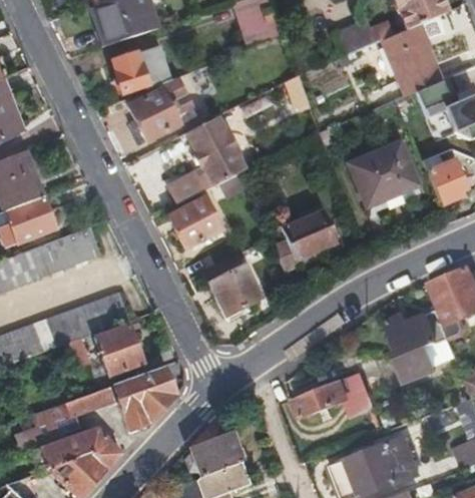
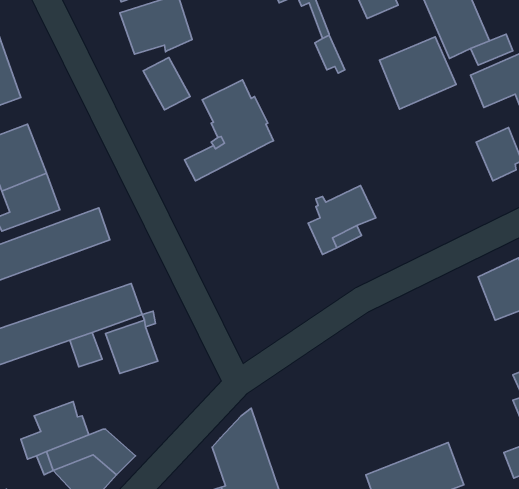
building: [150,75,197,128] -> none
building: [351,137,420,202] -> [379,37,456,109]
building: [170,195,222,248] -> none
building: [203,252,262,316] -> none
building: [384,310,445,386] -> none
building: [66,367,175,427] -> none
building: [294,376,372,418] -> none

